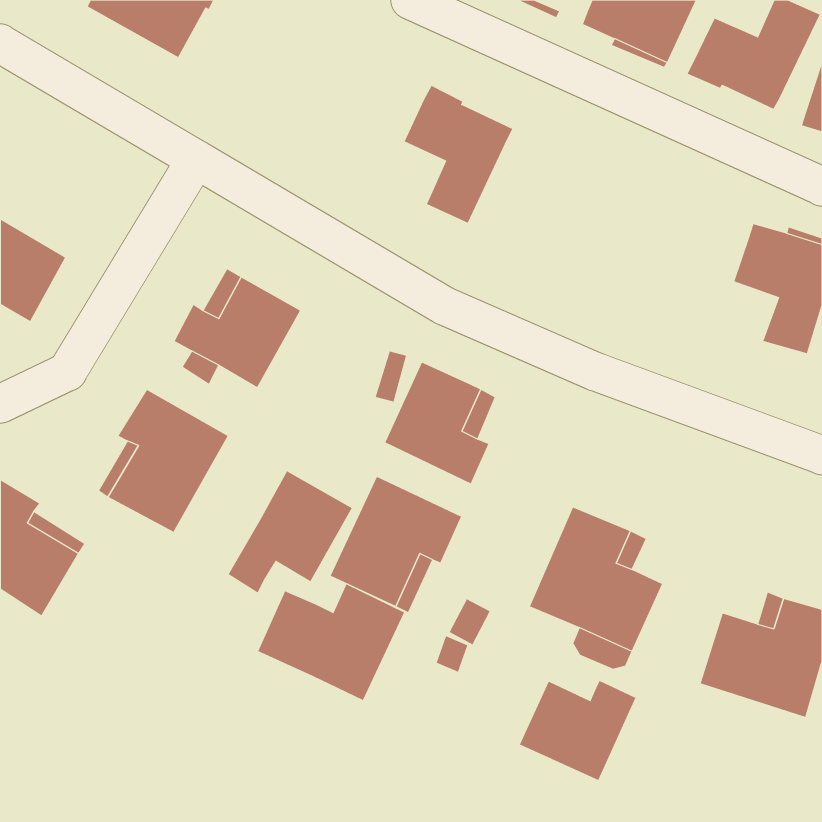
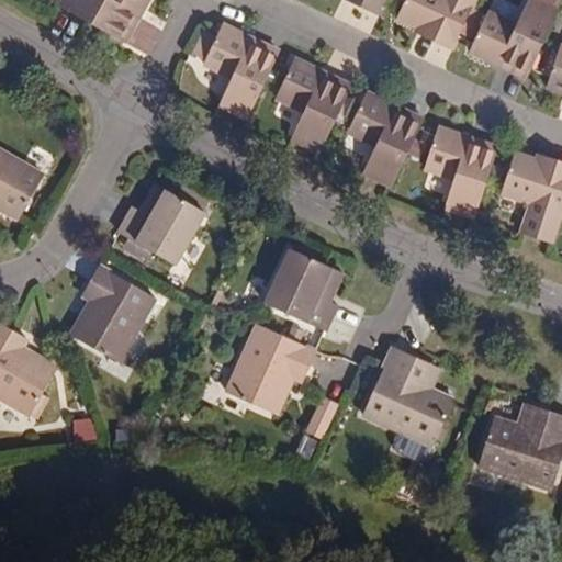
building: none -> [192,24,278,117]
building: none -> [347,91,423,187]
building: none -> [424,127,497,217]
building: [228,471,353,593] -> none
building: [257,584,405,701] -> none
building: [519,680,636,781] -> none

